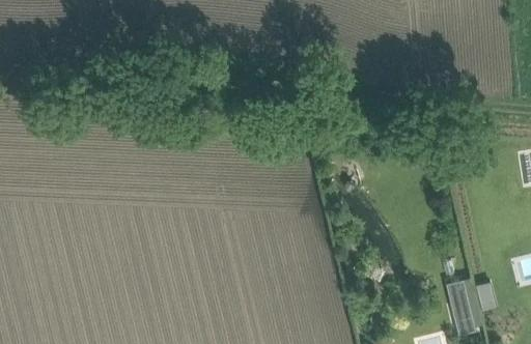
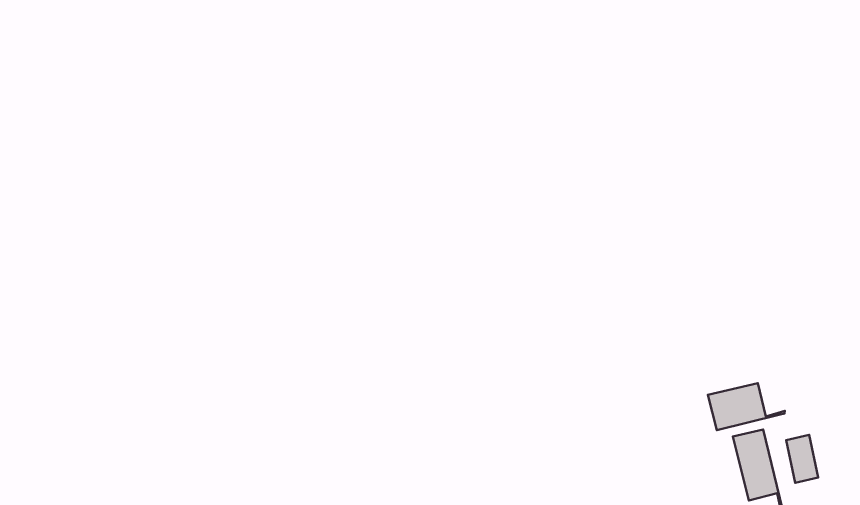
building: none -> [708,383,785,430]

